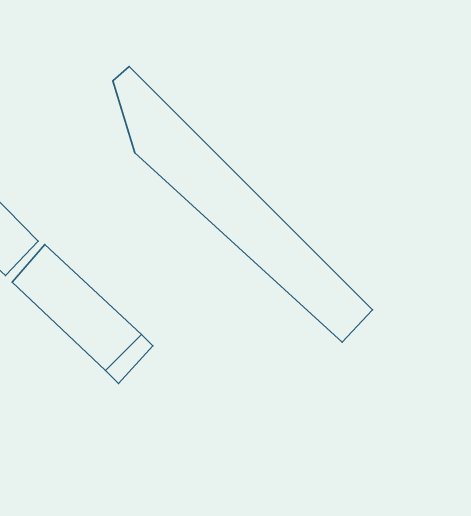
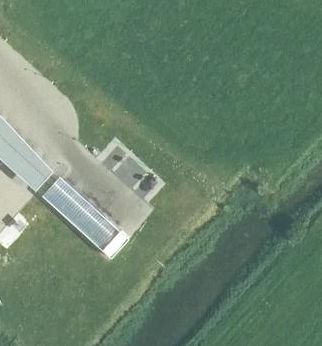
building: [113,67,373,342] -> none

